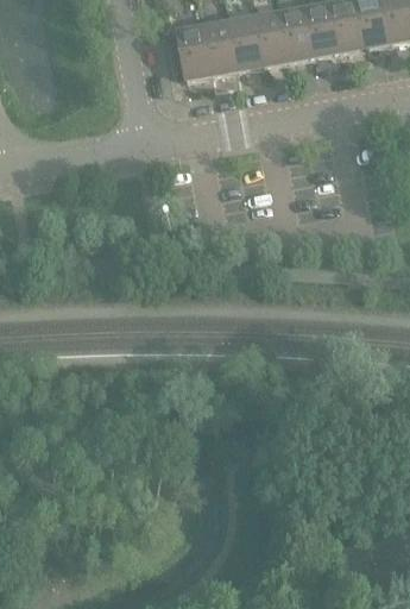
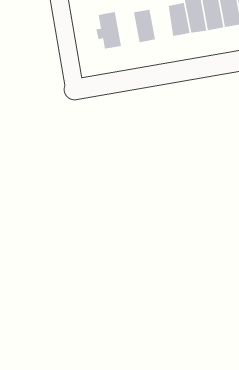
building: [257,14,290,64] -> none
building: [206,21,240,74] -> none

